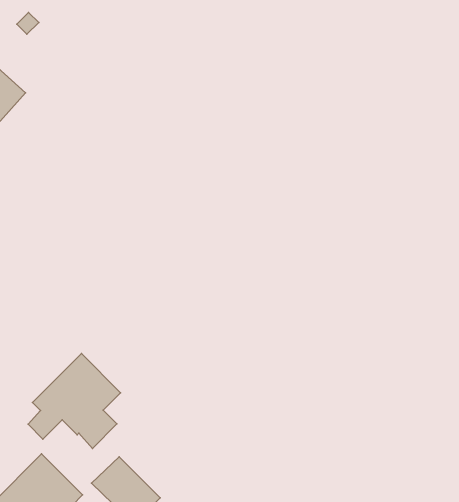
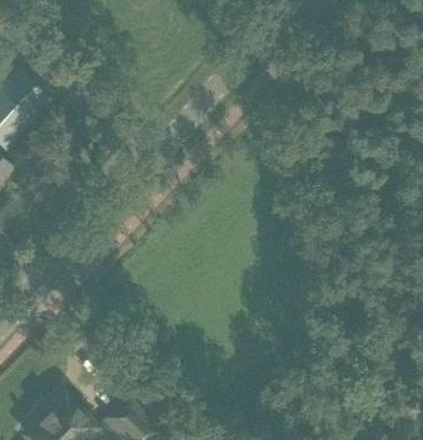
building: [28,354,121,448] -> none

